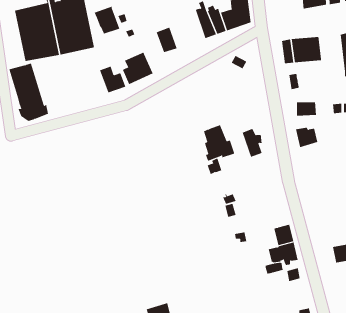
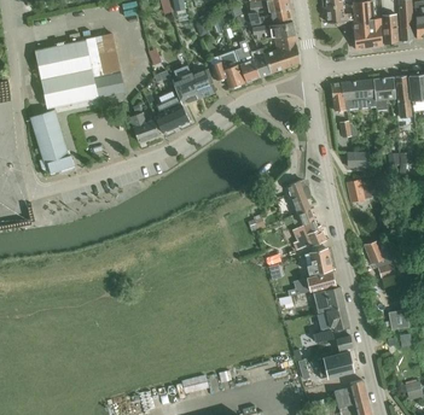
building: [94,6,120,35] -> [172,72,201,105]
building: none -> [211,51,245,88]
building: none -> [373,77,395,111]
building: [203,124,235,162] -> [291,209,326,250]
building: none -> [364,239,396,277]
building: none -> [294,249,336,294]
building: none -> [316,351,359,379]

